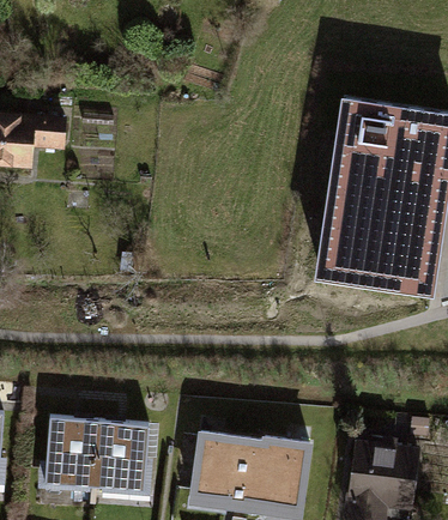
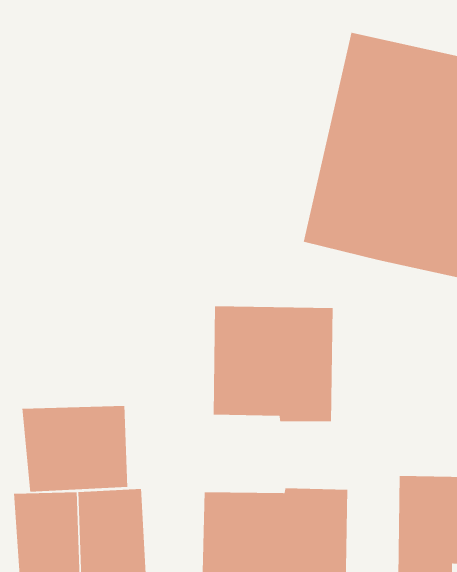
building: none -> [213,306,333,422]
building: none -> [22,405,128,493]

